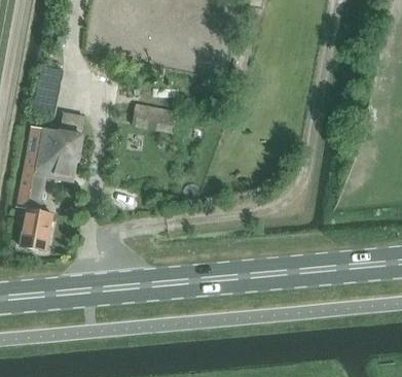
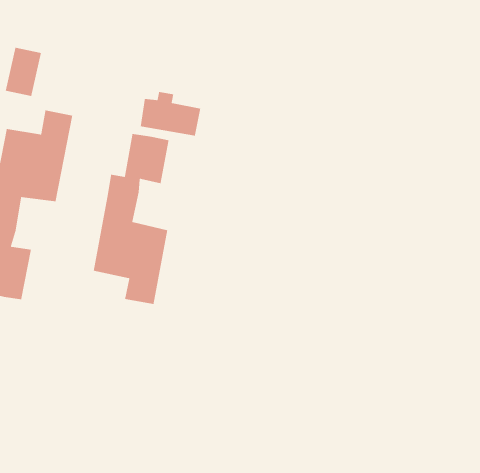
building: none -> [93,133,169,305]

